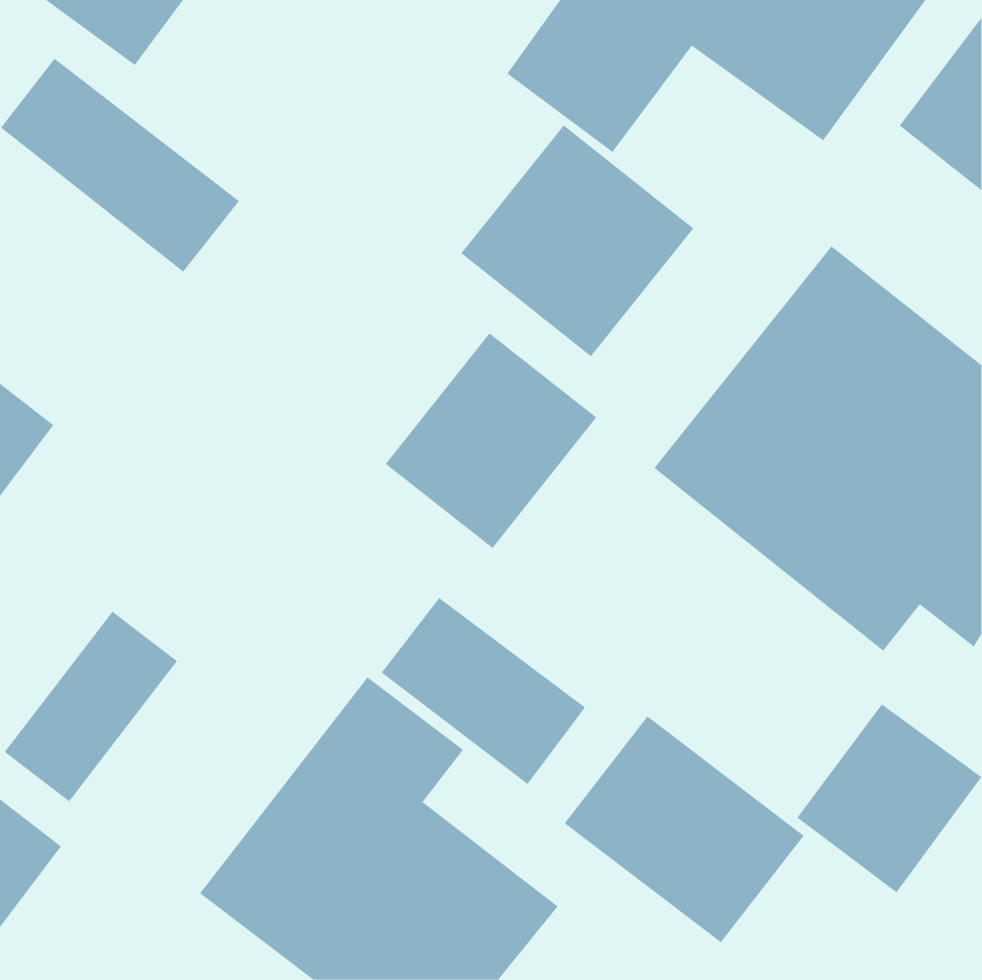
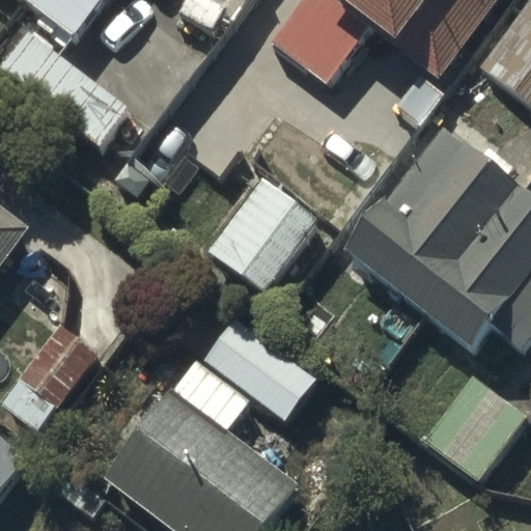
building: [461,125,694,357] -> none
building: [564,716,804,943] -> none

